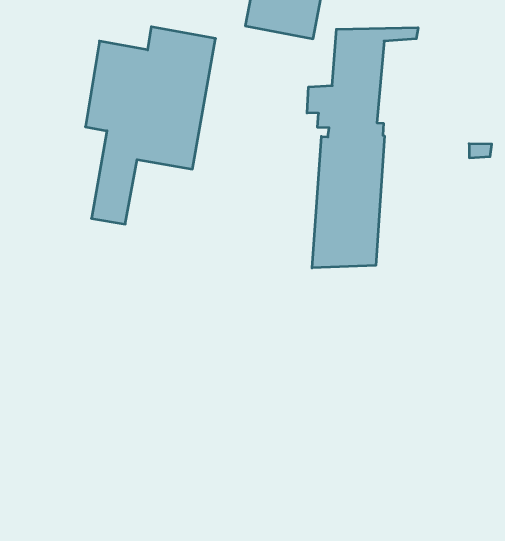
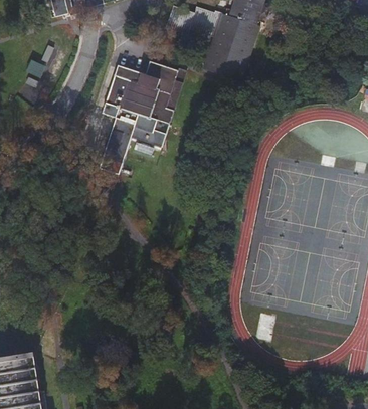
building: [307,28,418,268] -> none

